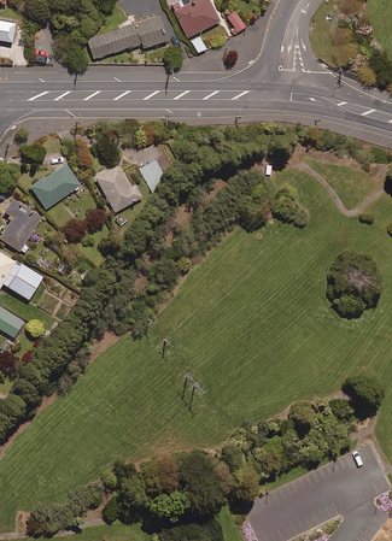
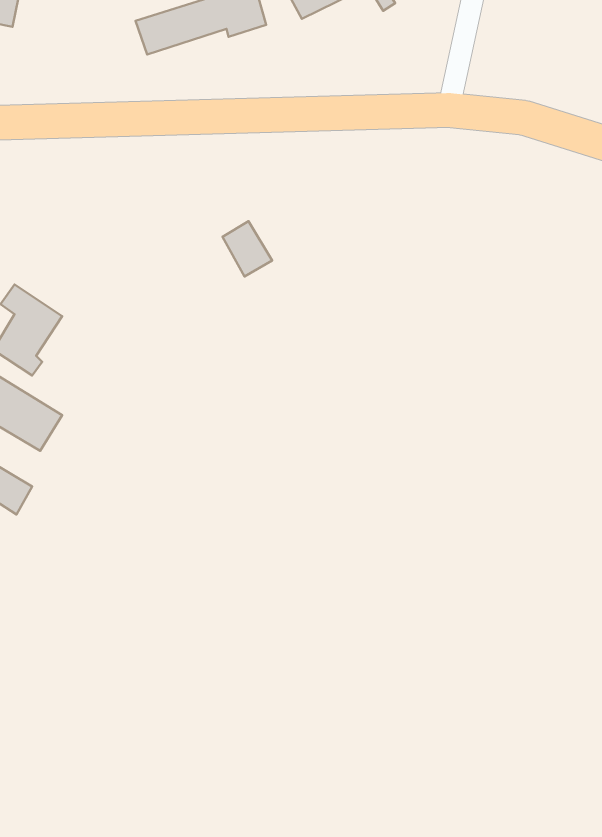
building: [31,163,81,208] -> none
building: [95,163,142,212] -> none

